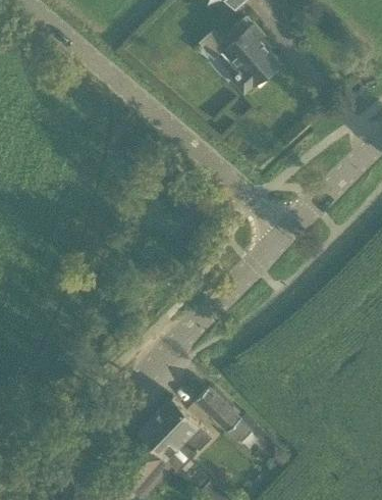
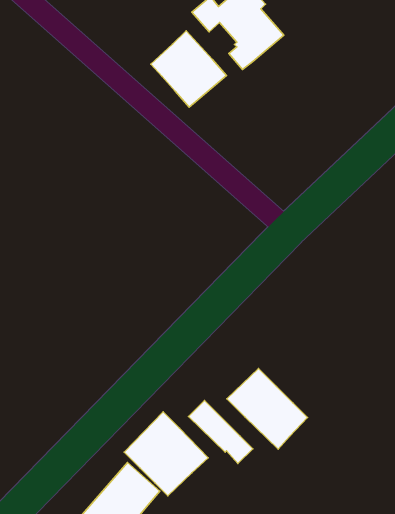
building: none -> [151,31,226,107]
building: none -> [227,369,307,449]

